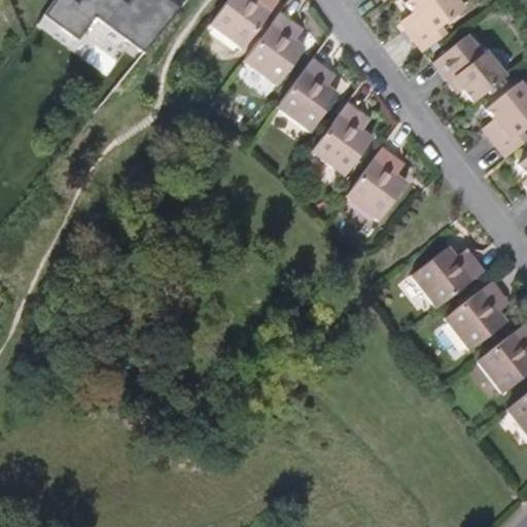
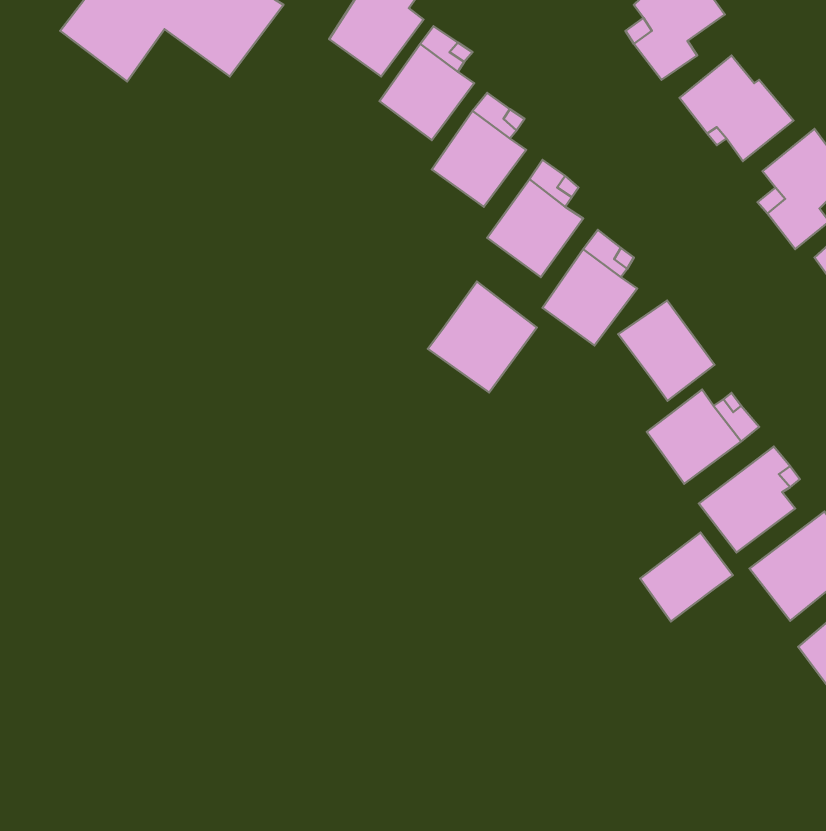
building: none -> [428,282,537,392]
building: none -> [618,300,714,401]
building: none -> [640,532,733,621]

